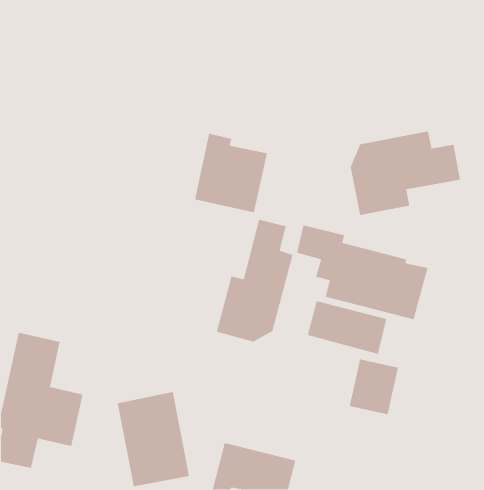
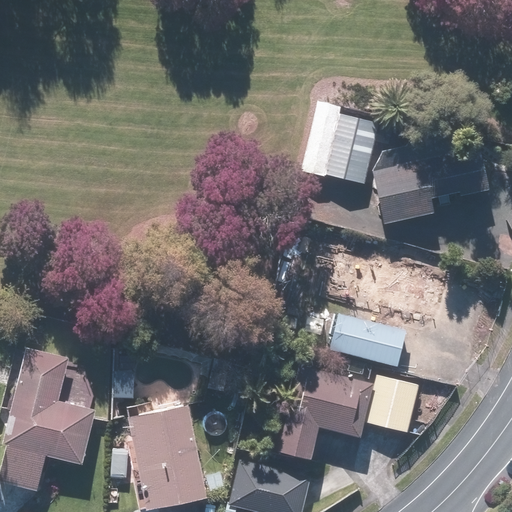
building: [194,133,268,213] -> [303,102,380,186]
building: [216,219,294,342] -> none
building: none -> [277,369,374,460]

